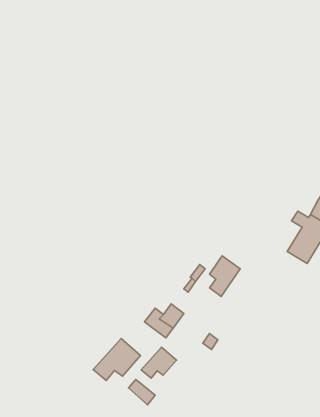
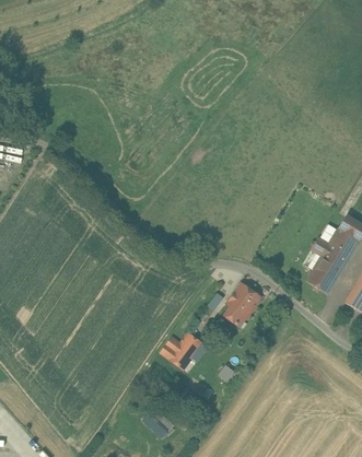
building: [93,338,141,381] -> none
building: [141,347,176,378] -> none

